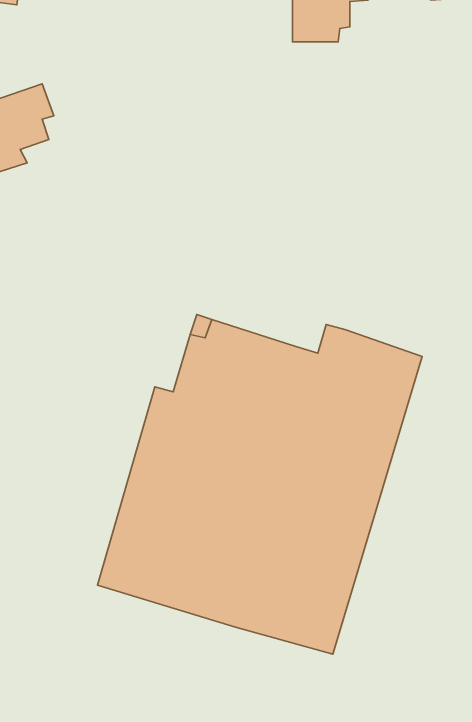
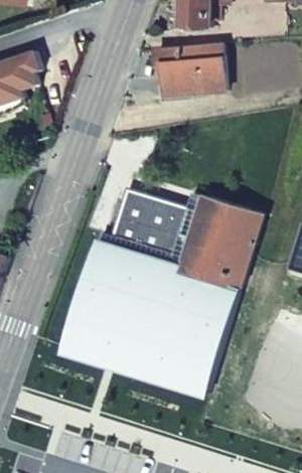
building: none -> [154,42,223,97]

